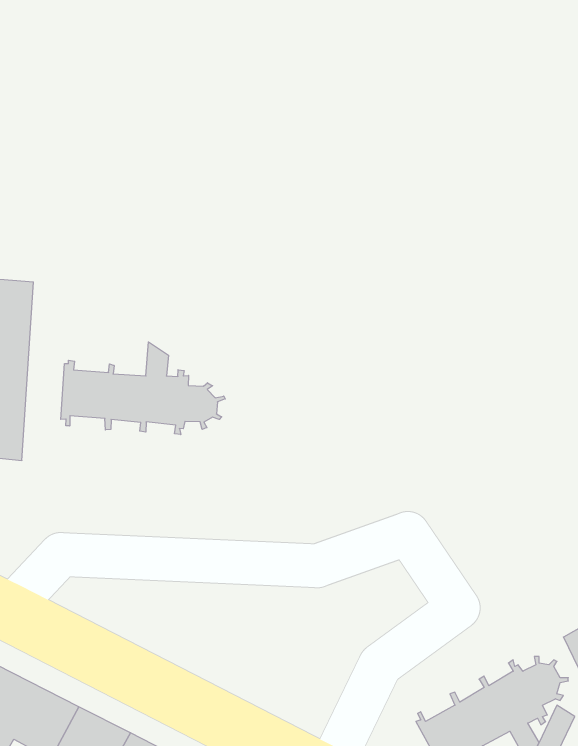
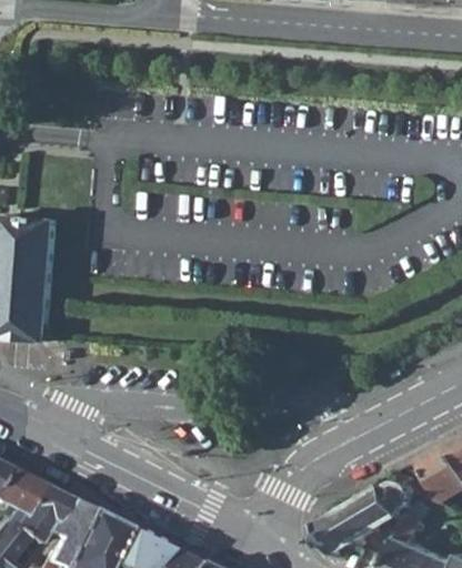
building: [61,342,225,435] -> none

